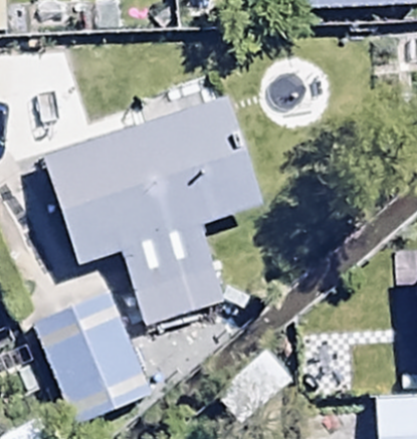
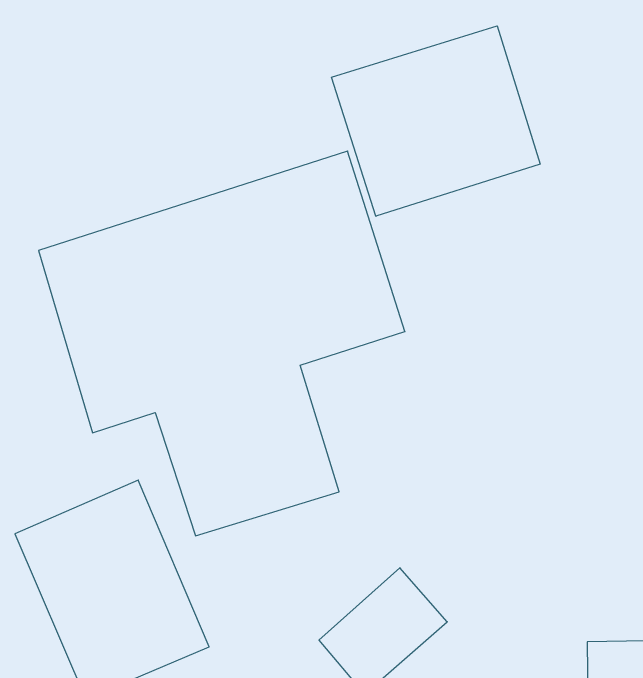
building: none -> [332,26,540,216]

